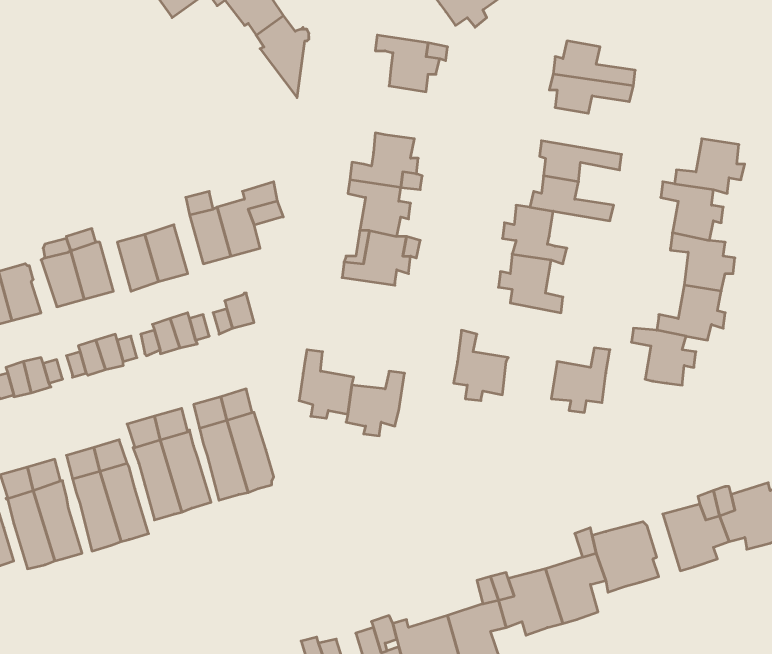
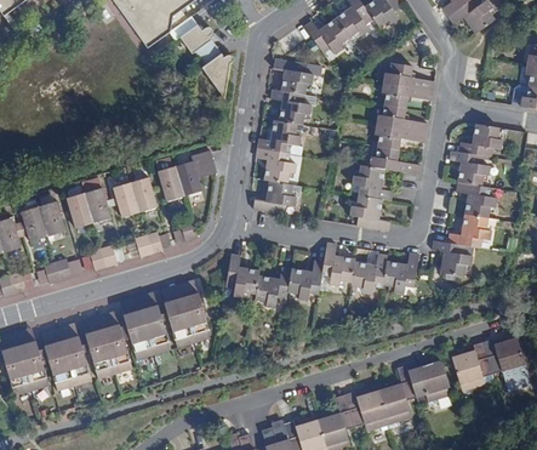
building: none -> [270,89,310,124]
building: none -> [376,103,427,132]
building: none -> [350,252,387,294]
building: none -> [287,260,324,300]

